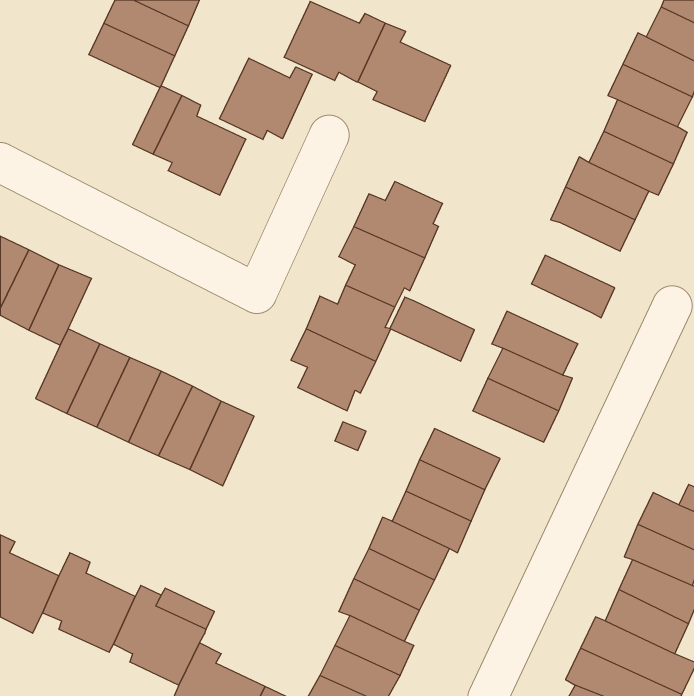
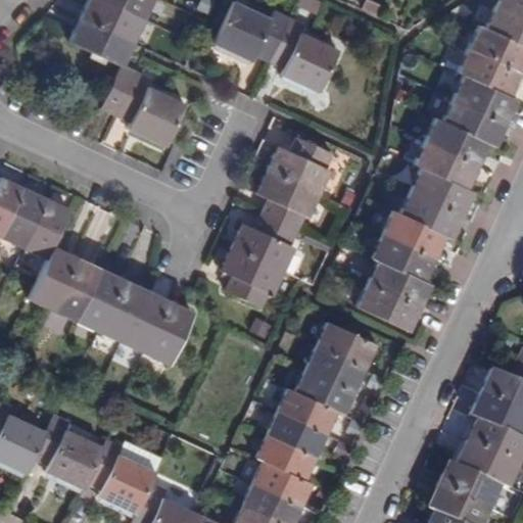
building: [220,58,312,140] -> none
building: none -> [411,168,474,217]
building: [390,297,474,361] -> [382,210,445,258]

